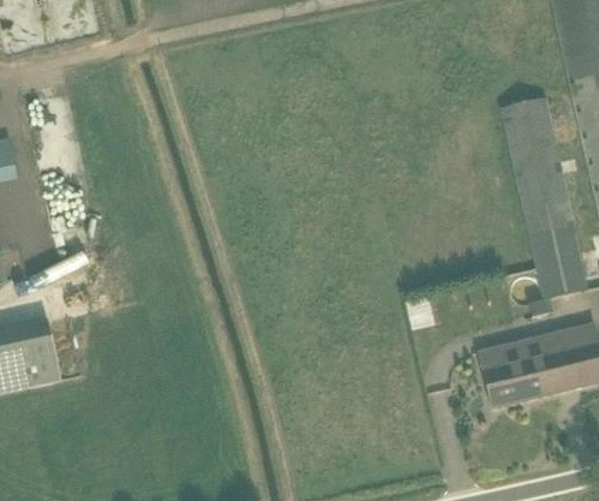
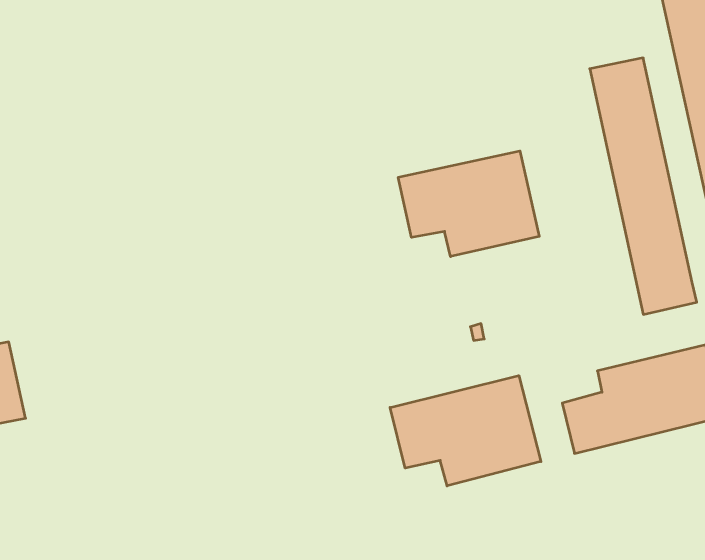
building: none -> [398,151,539,257]
building: none -> [390,376,541,486]

